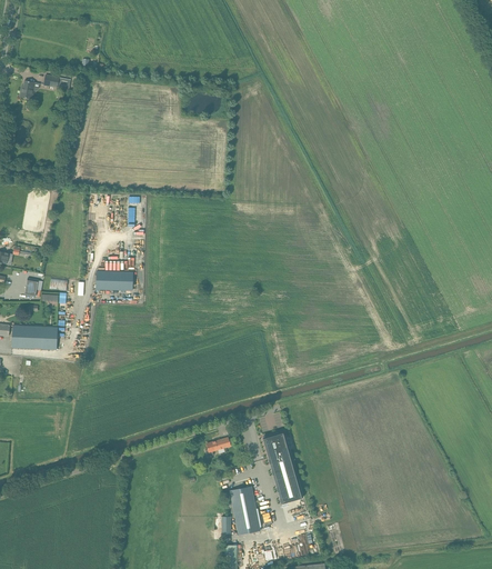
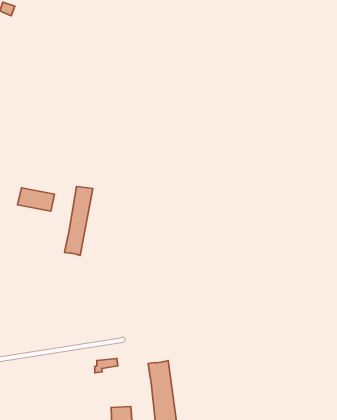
building: none -> [65,187,93,256]

